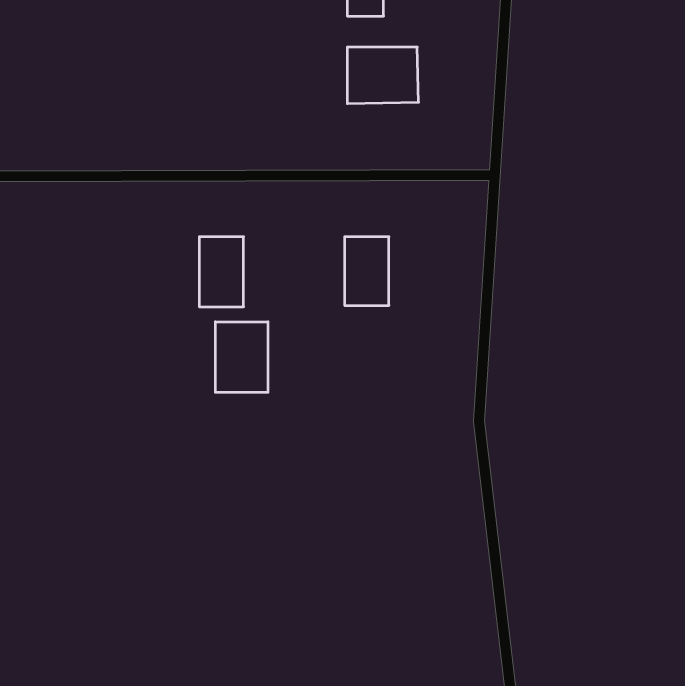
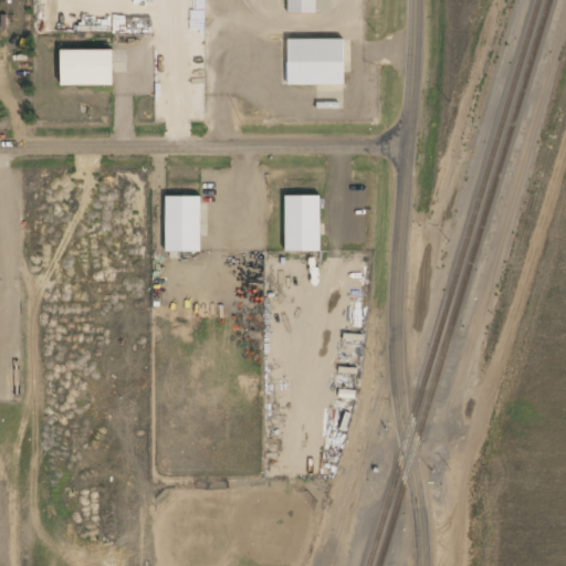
building: none -> [59,49,112,85]
building: [215,322,268,392] -> none

